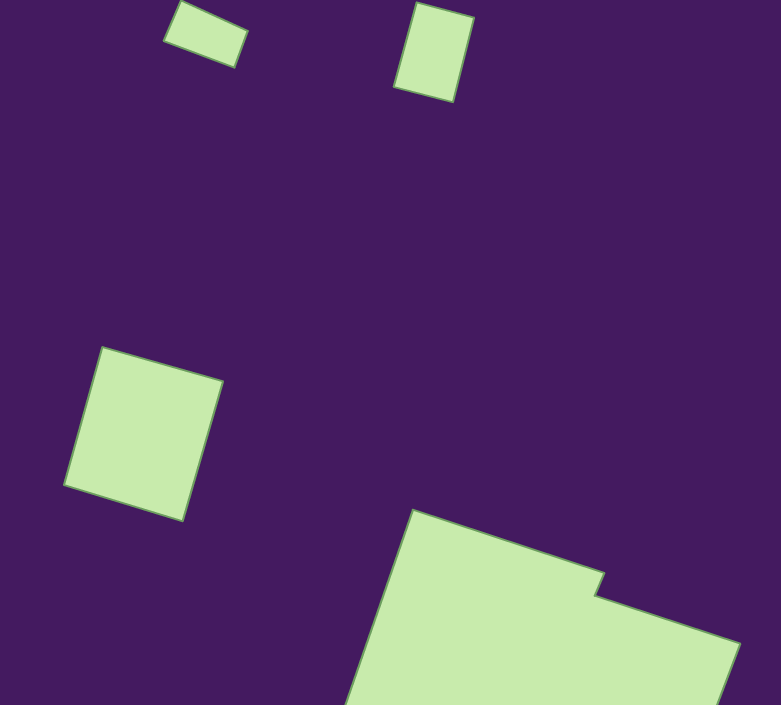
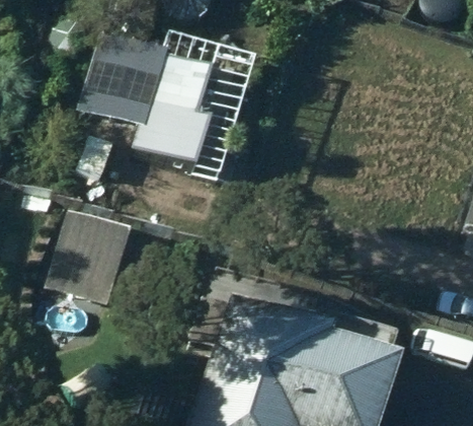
building: none -> [133,59,211,182]

